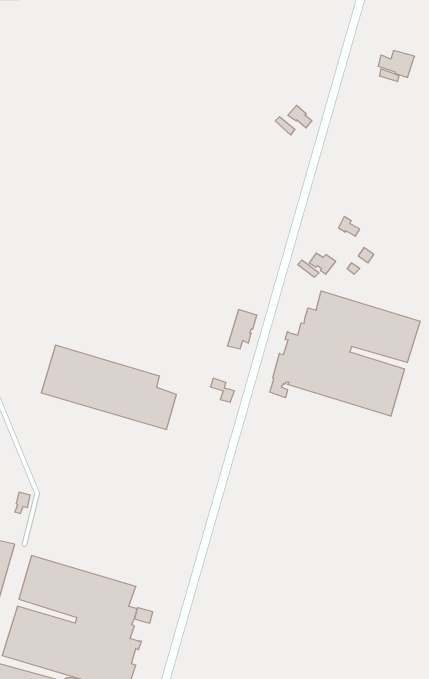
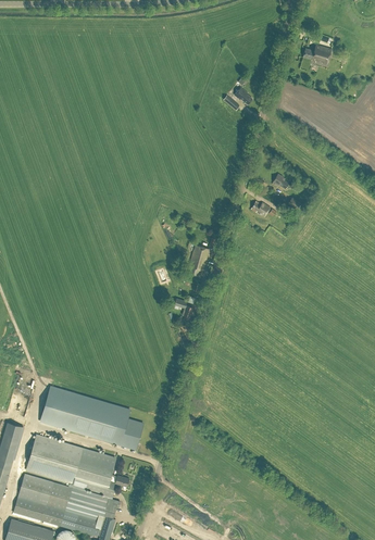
building: [270,291,420,416] -> none
building: [41,345,176,430] -> [39,385,143,450]

